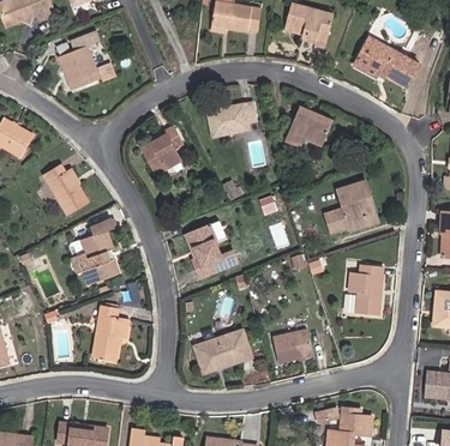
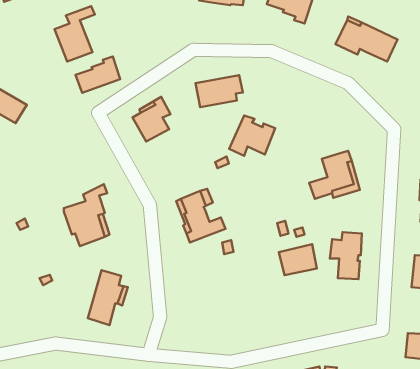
building: none -> [76,57,120,93]
building: [284,106,332,147] -> [229,116,275,156]
building: [42,163,86,213] -> none
building: [271,329,311,361] -> [279,244,317,275]
building: [190,331,248,373] -> none

